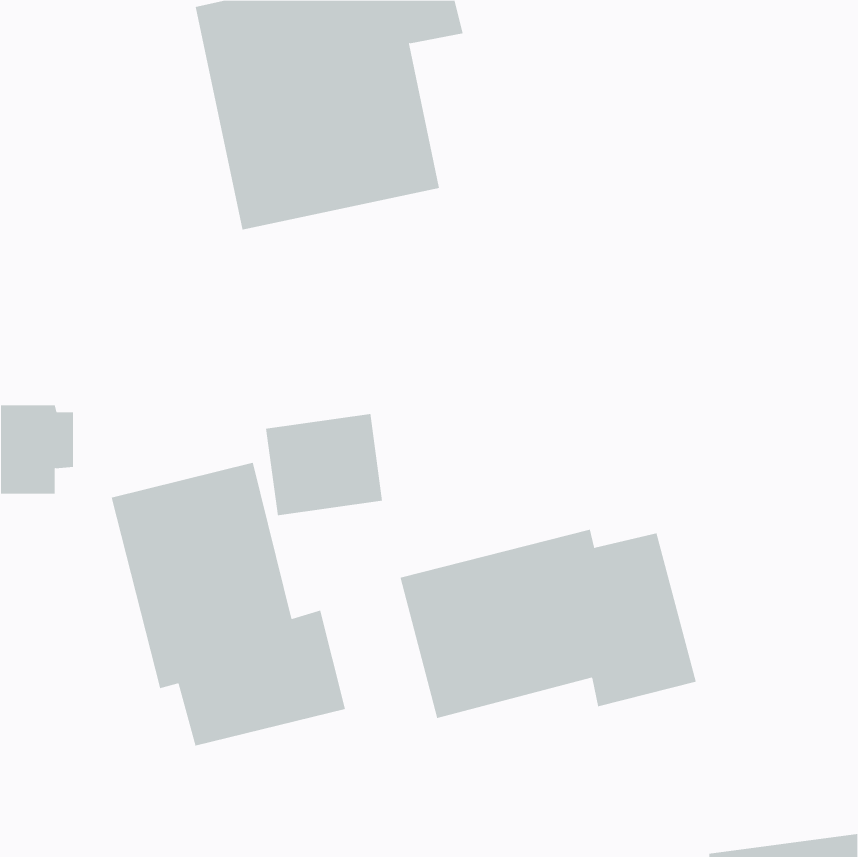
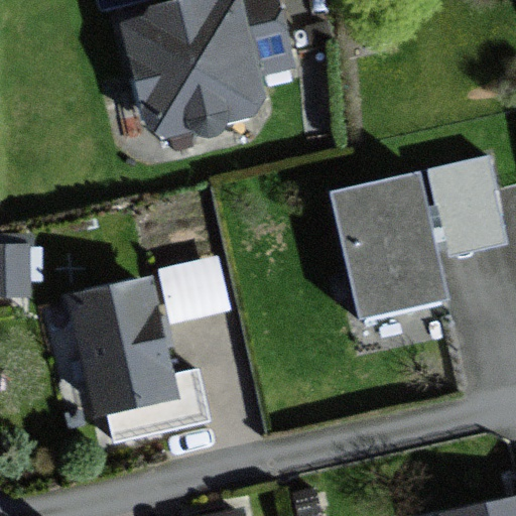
building: none -> [331,154,507,321]
building: [400,529,696,719] -> none

